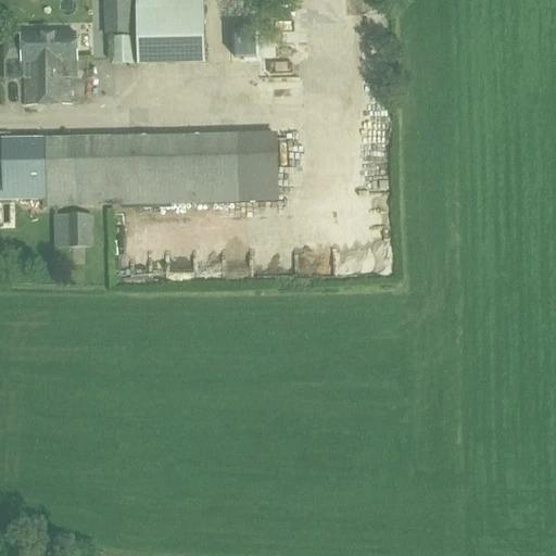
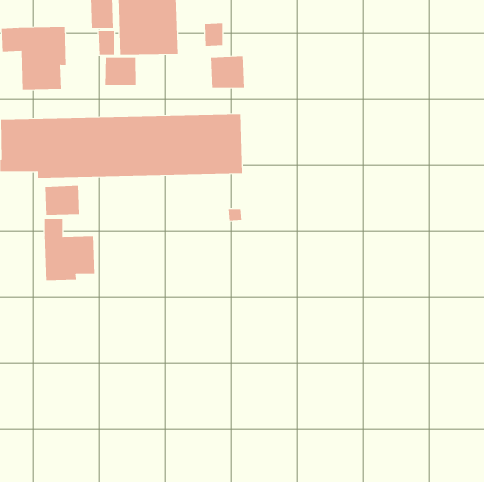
building: none -> [210,56,245,89]
building: none -> [105,57,136,86]
building: none -> [44,218,95,281]

